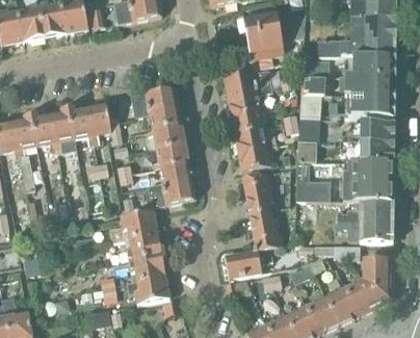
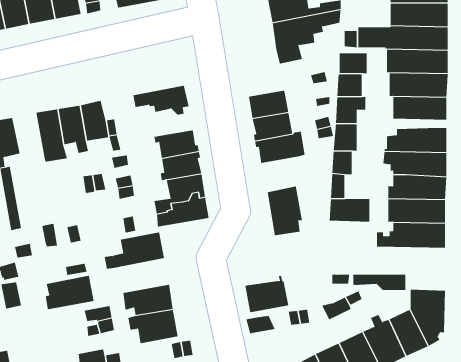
building: [225,71,272,98] -> none
building: [133,105,182,131] -> none
building: [31,111,57,152] -> none
building: [238,148,273,173] -> none
building: [250,211,284,252] -> none
building: [335,224,393,242] -> none
building: [121,233,162,262] -> [45,275,95,310]

